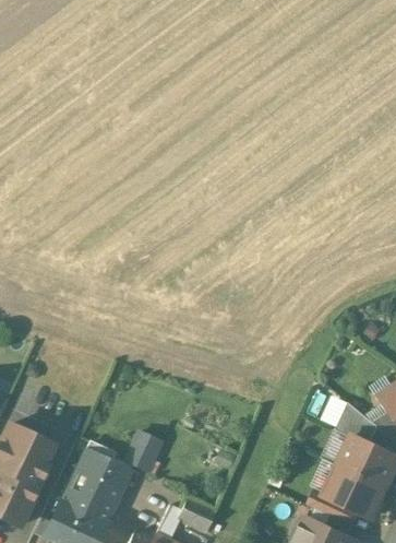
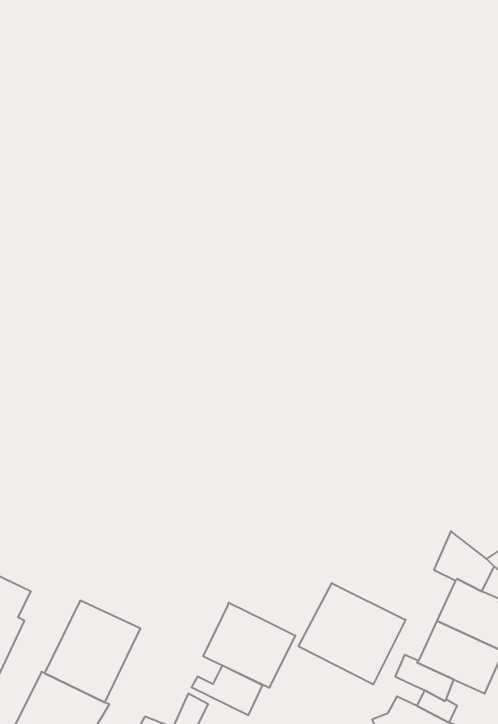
building: [125,432,160,470] -> none
building: none -> [299,583,406,684]
building: none -> [203,603,295,688]

